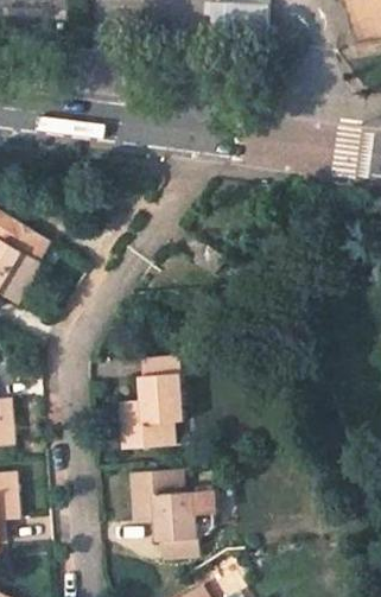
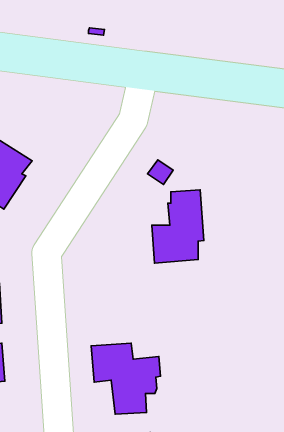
building: [115,357,180,449] -> [152,190,204,263]

